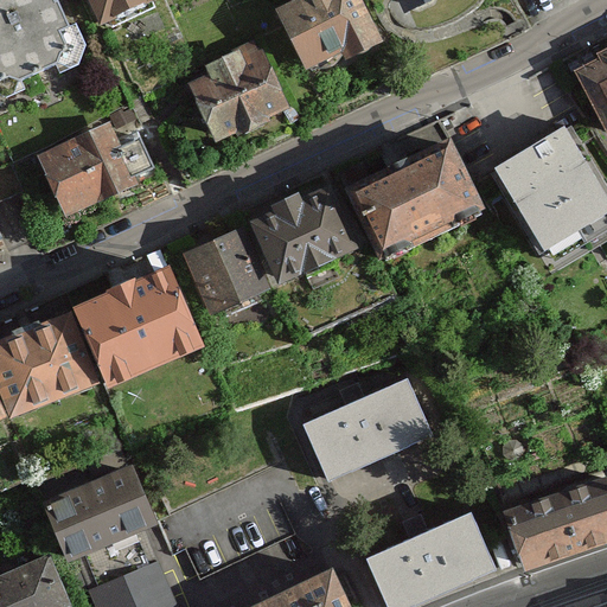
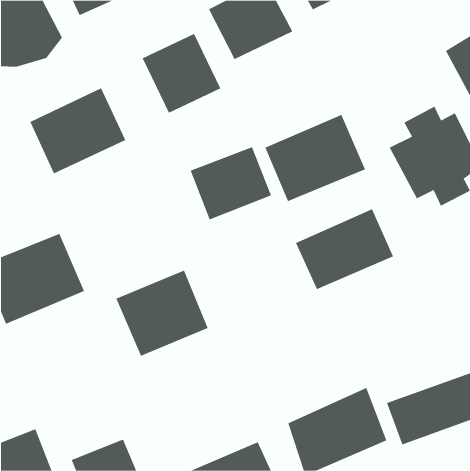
building: [184,230,264,313] -> none
building: [78,263,198,375] -> [115,270,209,357]
building: [301,381,428,485] -> [295,209,394,290]
building: [45,459,159,555] -> none

